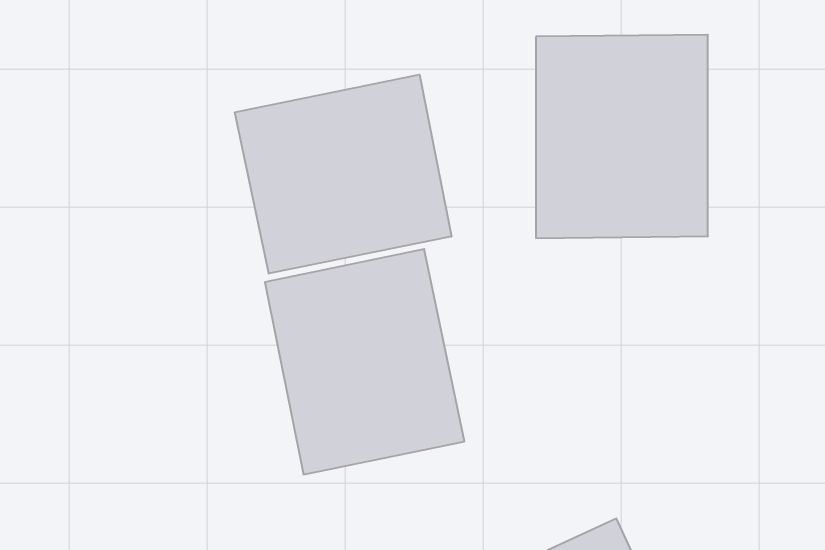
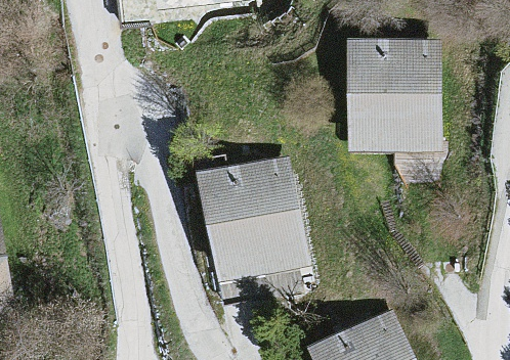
building: [235,75,451,274] -> none

